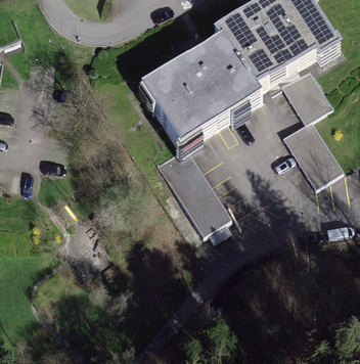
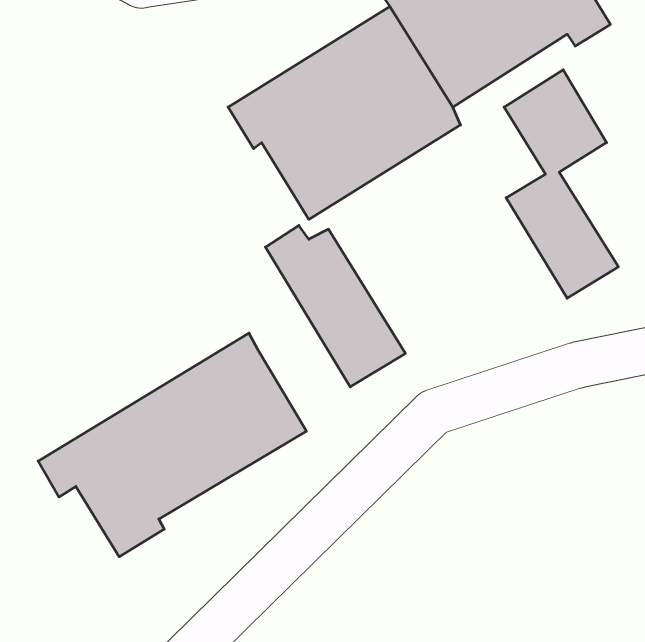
building: none -> [38,333,306,557]

